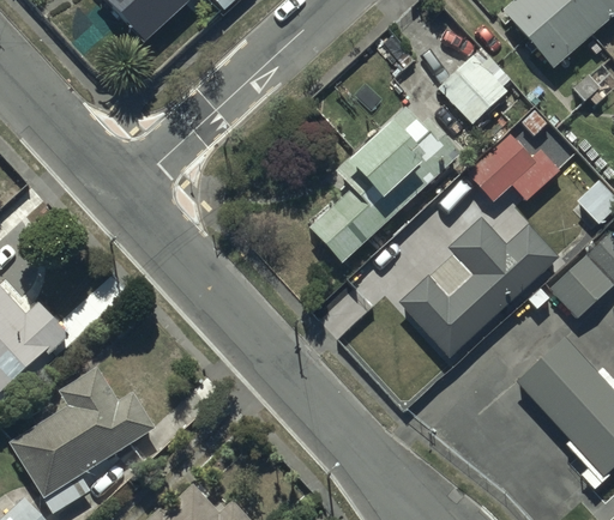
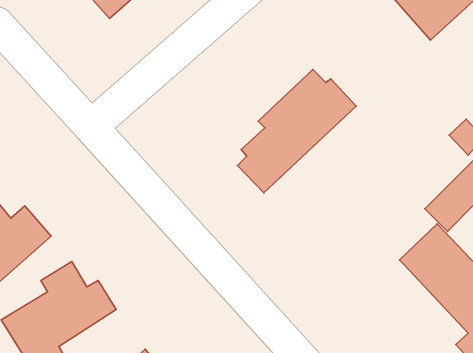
building: [438,64,507,133] -> none
building: [469,137,560,204] -> none
building: [398,218,559,359] -> none

